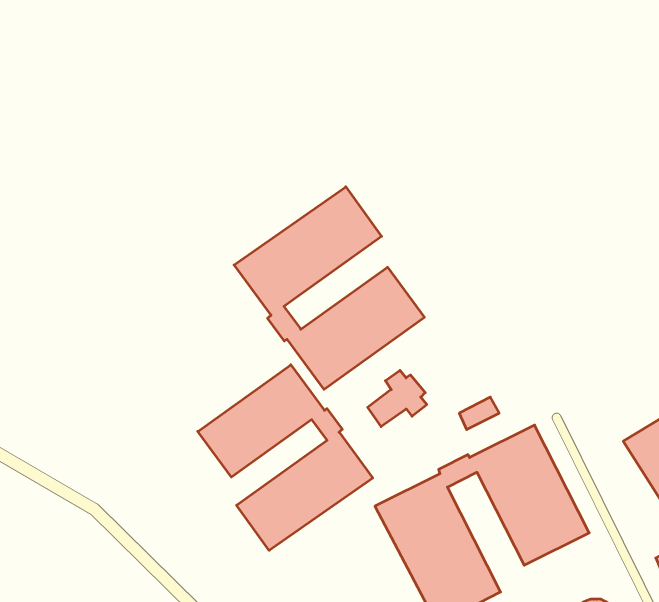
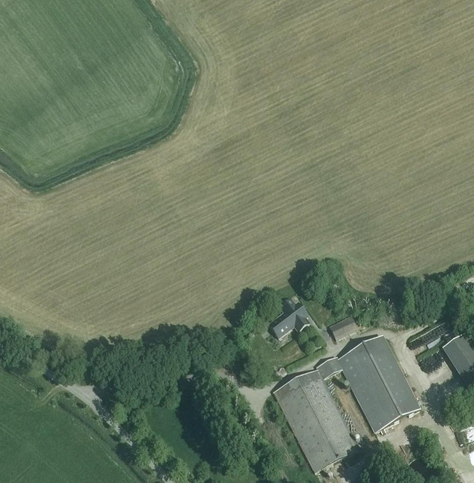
building: [234,187,424,389] -> none
building: [198,365,373,550] -> none

